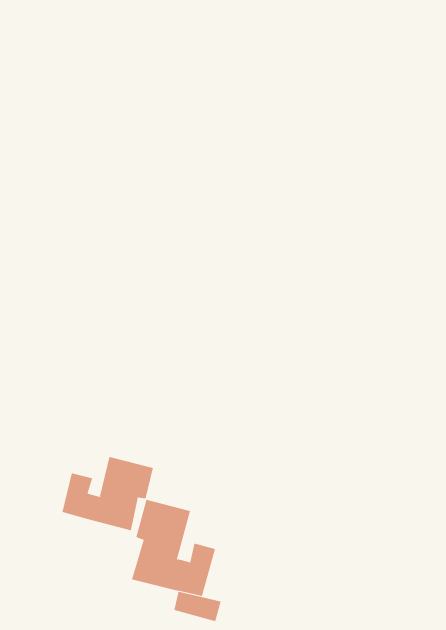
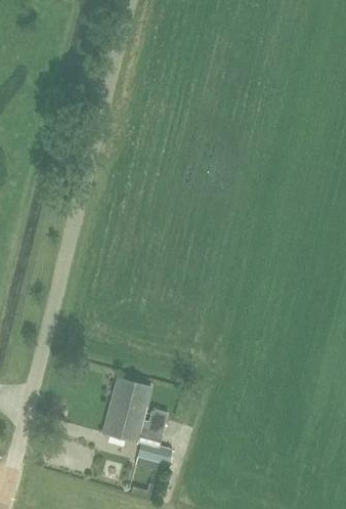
building: [62,456,153,531] -> none

